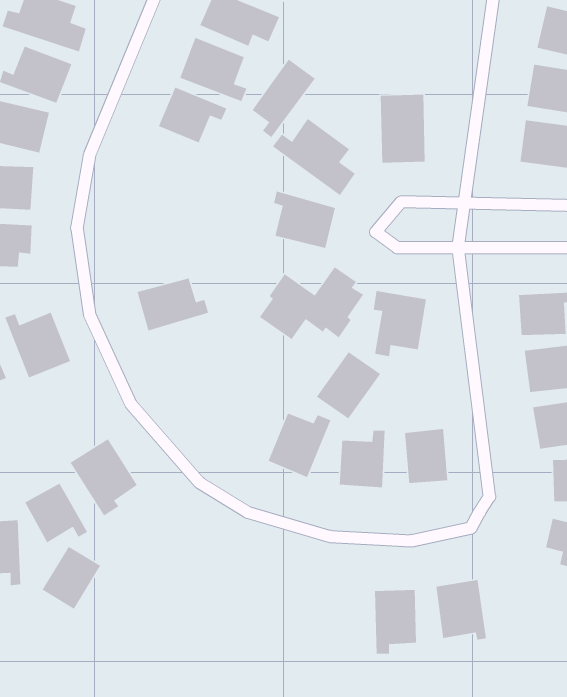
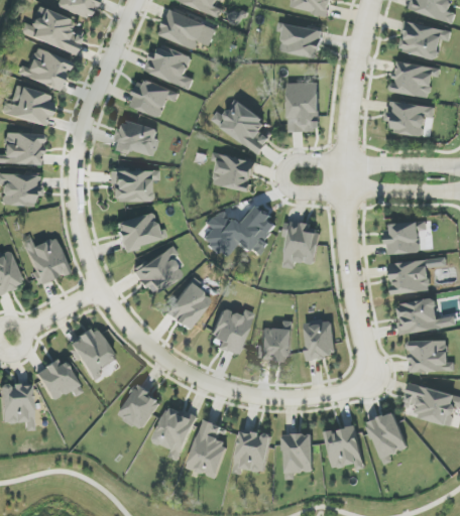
building: none -> [276,21,322,57]
building: [252,59,316,138] -> none
building: none -> [113,118,158,155]
building: none -> [109,169,157,201]
building: none -> [132,244,181,294]
building: [316,351,381,419] -> [163,281,210,330]
building: [42,546,101,610] -> [118,384,160,429]
building: none -> [152,404,196,460]
building: none -> [366,411,407,465]
building: none -> [186,418,228,478]
building: none -> [232,429,270,474]

